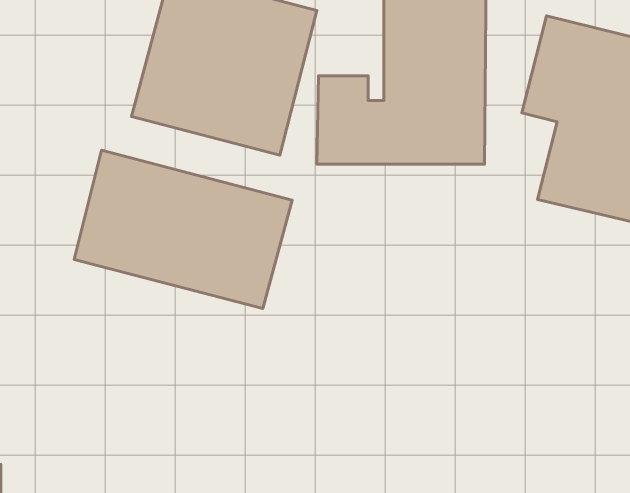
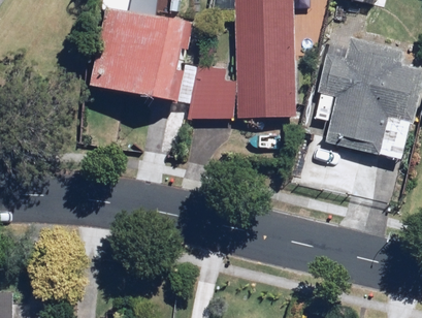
building: [74,150,292,308] -> none

